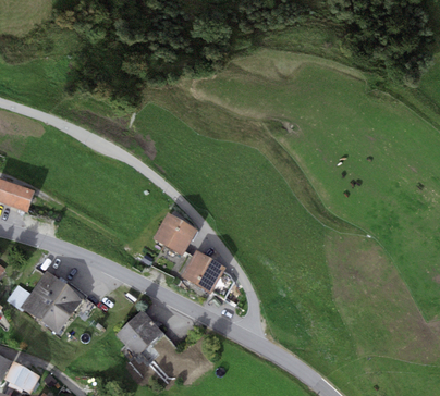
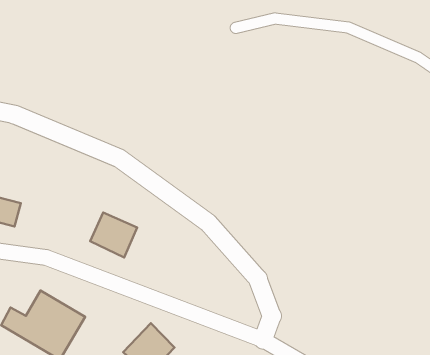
building: [154,212,197,255] -> [90,212,137,258]
building: [182,249,227,293] -> none

